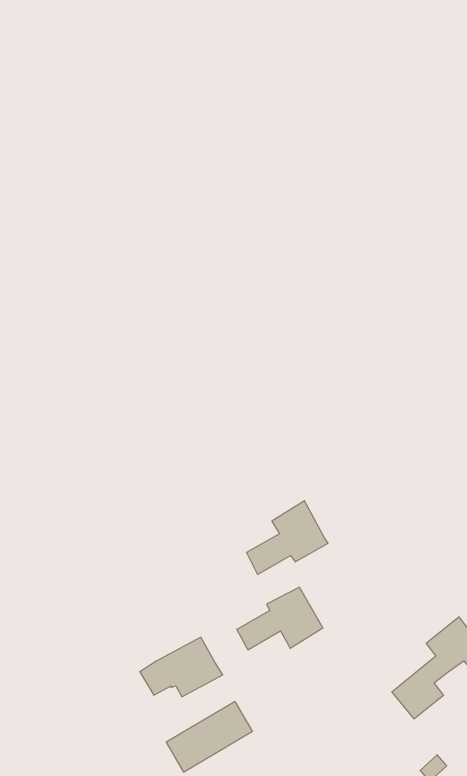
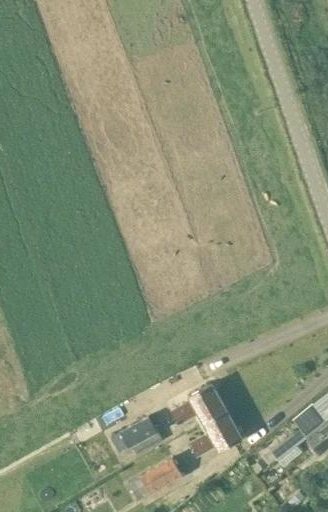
building: [247,501,328,574] -> [190,410,242,457]

